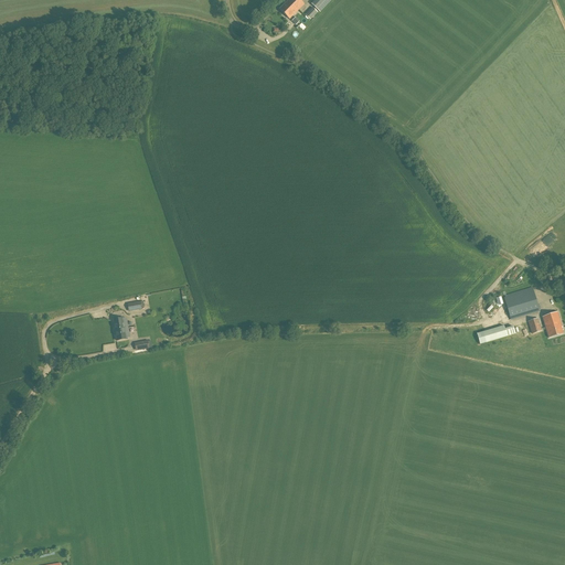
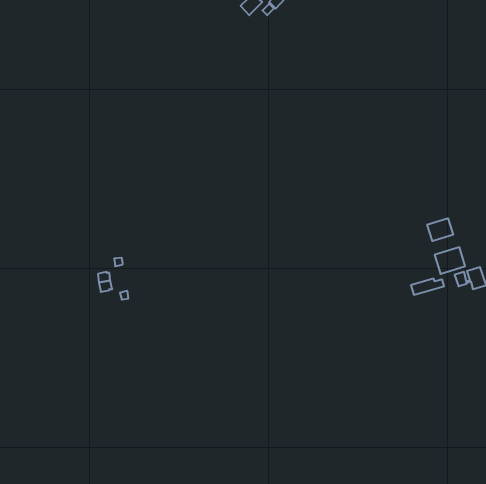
building: none -> [427,218,453,241]

